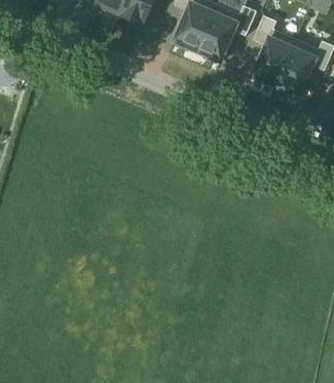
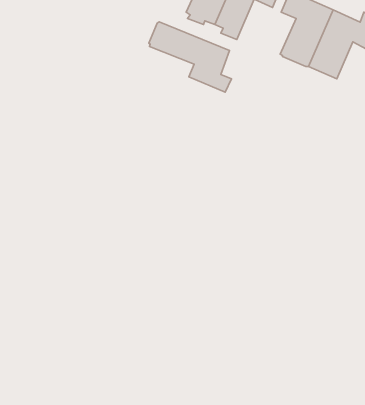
building: none -> [149,22,231,92]

